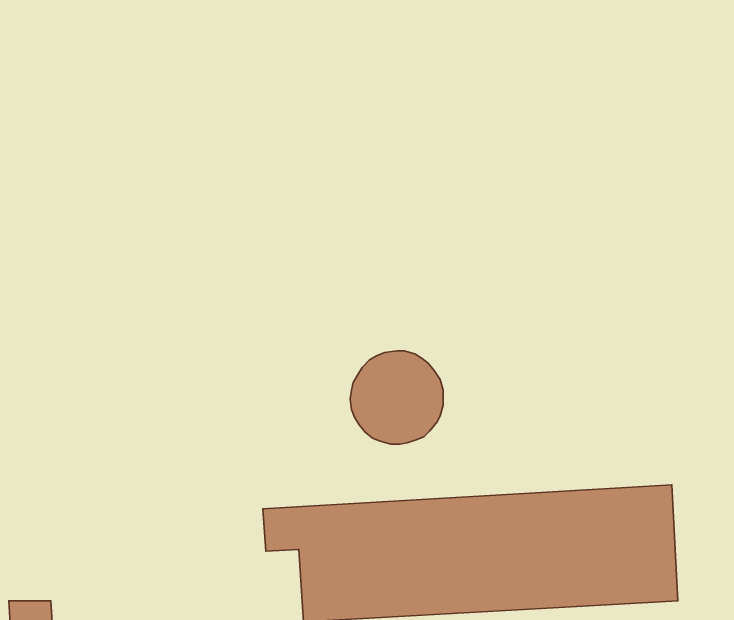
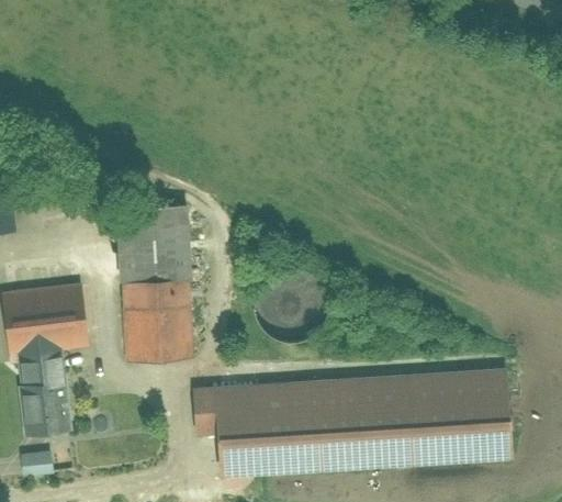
building: none -> [115,205,192,360]
building: none -> [10,293,86,433]

